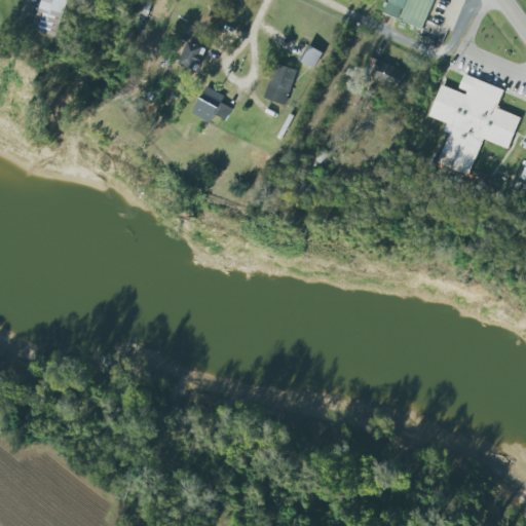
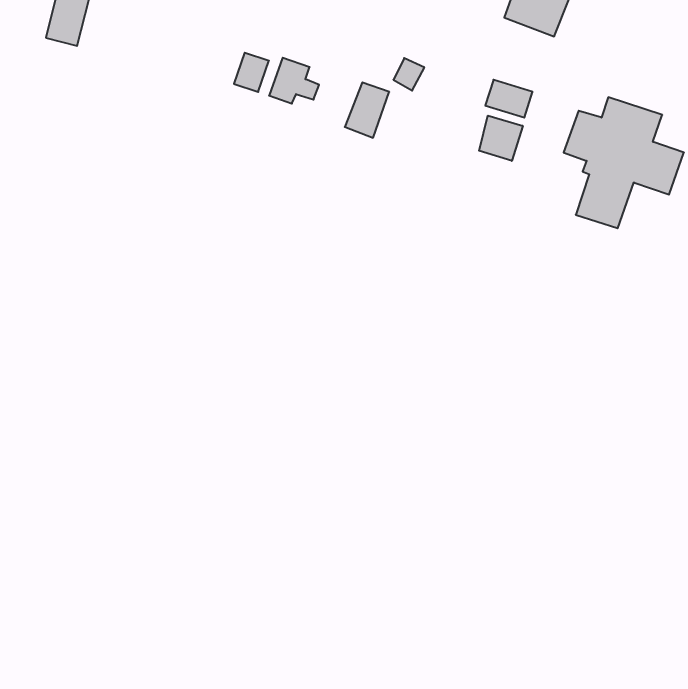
building: [192,86,230,121] -> [269,58,319,104]
building: none -> [479,116,523,161]

